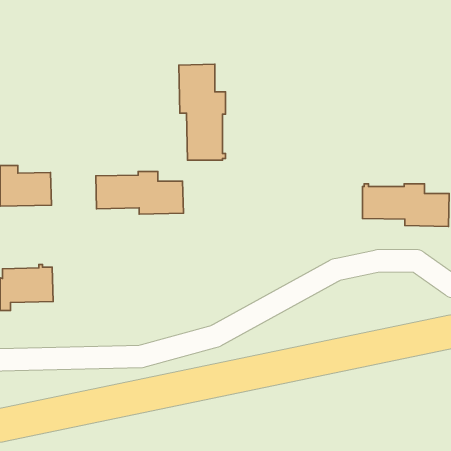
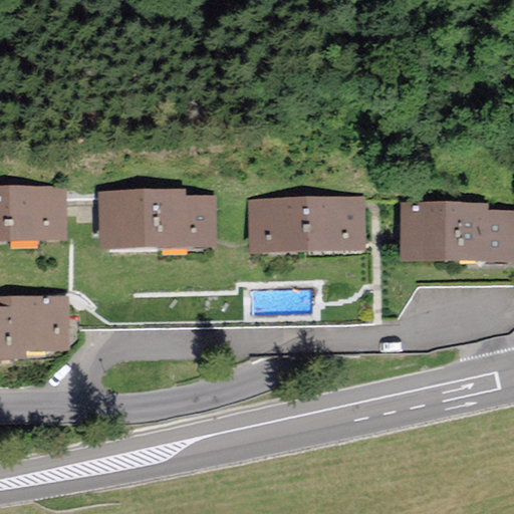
building: [179,64,225,160] -> none
building: none -> [260,199,358,246]

